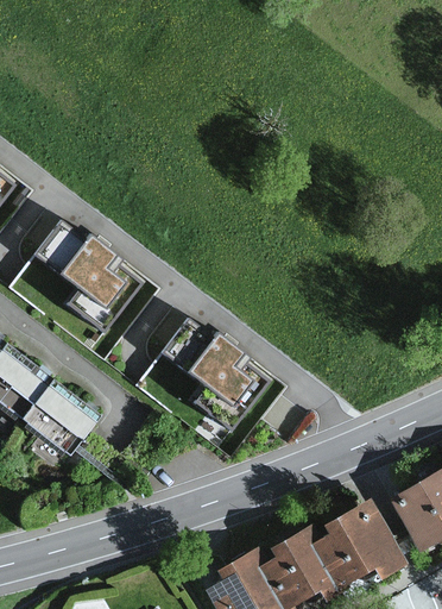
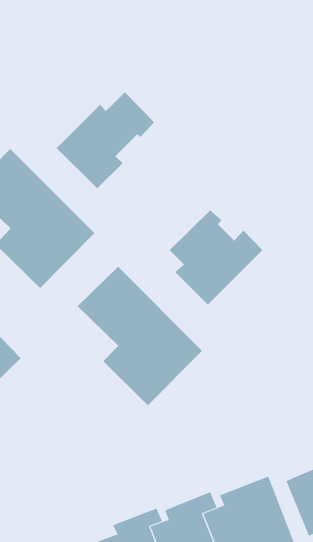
building: none -> [56,92,155,189]
building: none -> [169,210,263,306]

